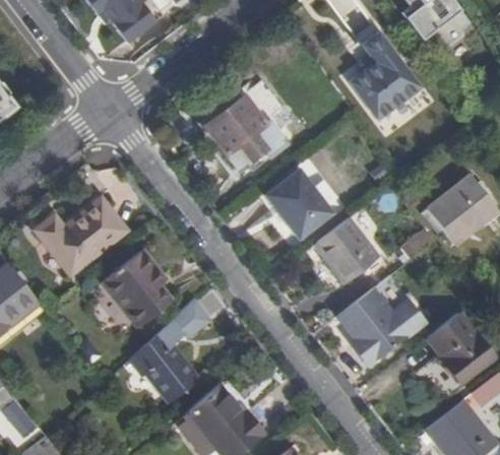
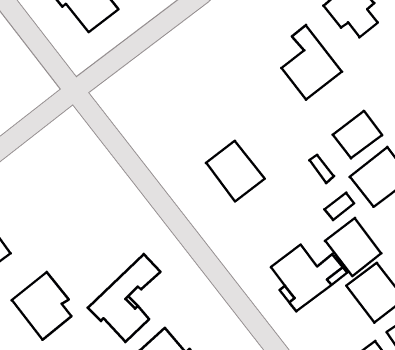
building: [203,95,286,171] -> none
building: none -> [333,111,382,158]
building: [36,198,124,271] -> none
building: [317,215,382,282] -> [325,218,381,276]
building: [101,249,170,327] -> [12,272,71,340]

